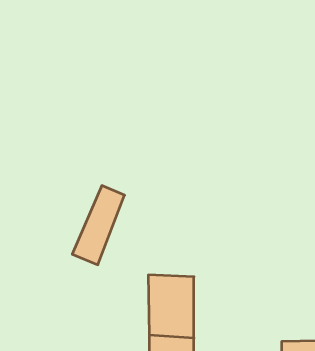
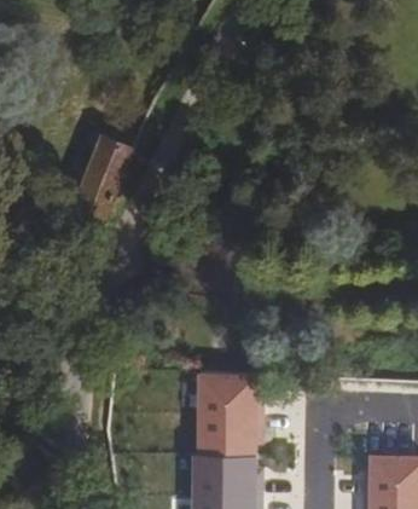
building: [72,186,125,265] -> [69,126,135,226]

